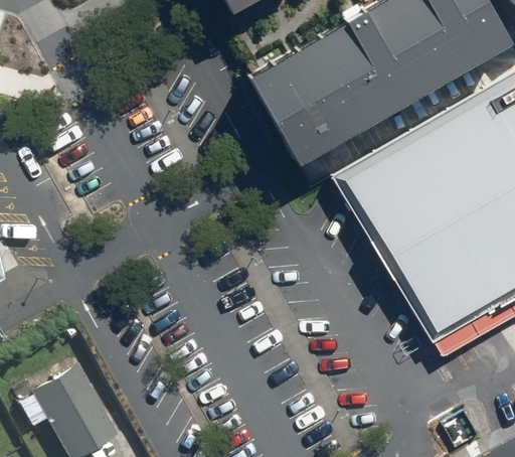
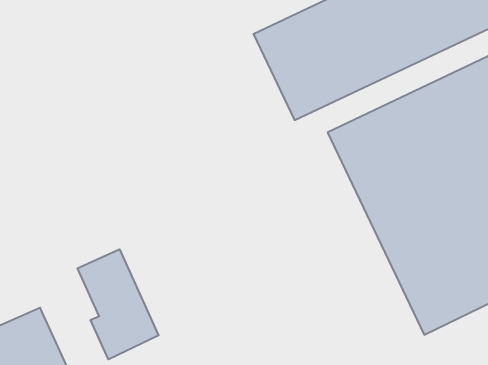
building: none -> [78,249,159,359]

